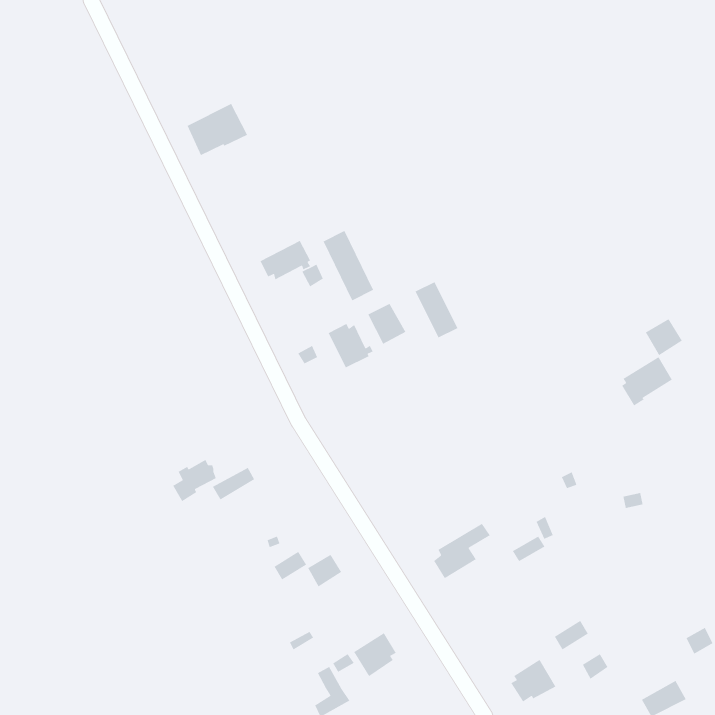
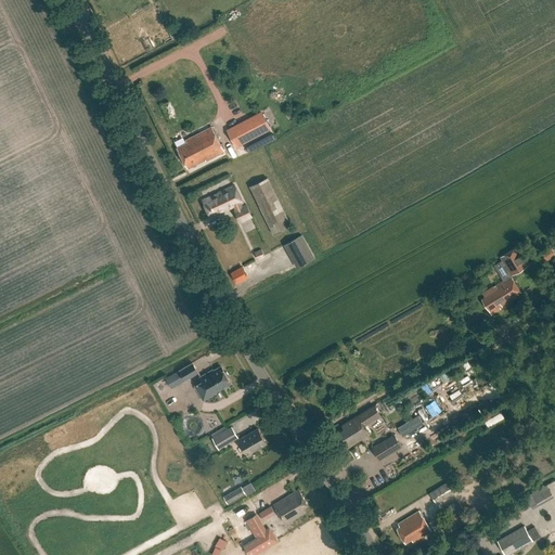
building: [187,103,248,156] -> [175,128,222,169]
building: none -> [225,113,269,149]
building: [414,281,459,339] -> none
building: [328,323,374,368] -> none
building: [172,459,217,502] -> [194,367,229,401]
building: none -> [369,434,400,461]

